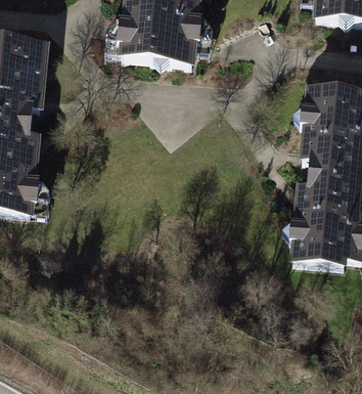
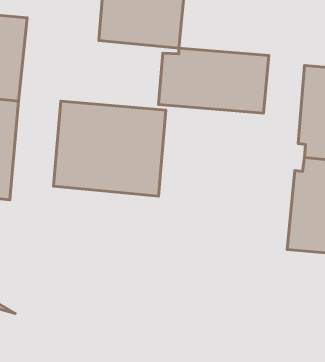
building: none -> [159,48,269,113]
building: none -> [54,101,166,196]

